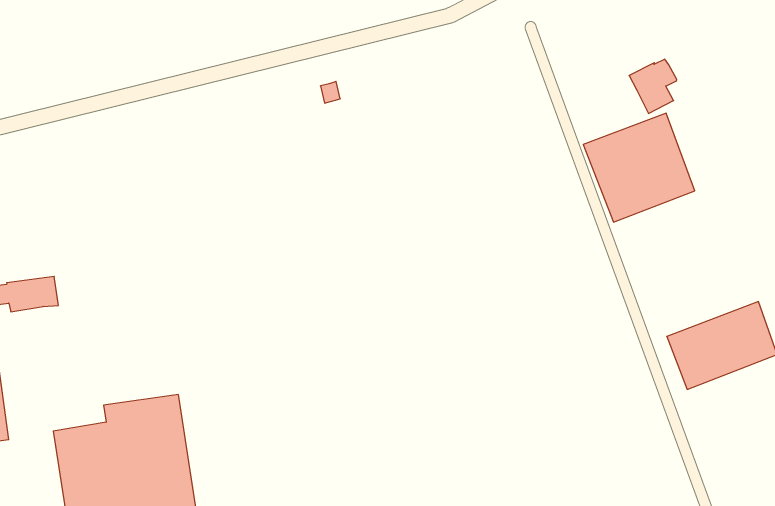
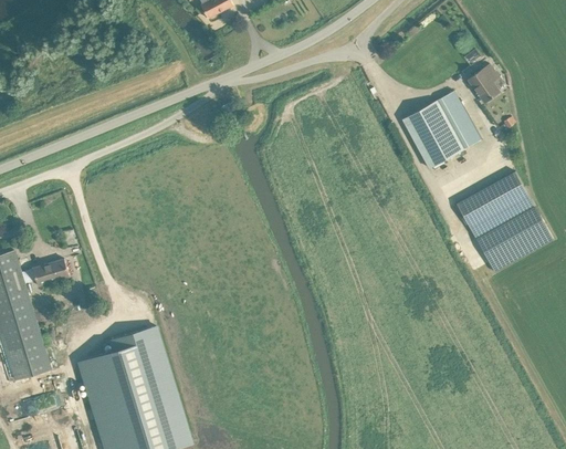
building: [629,59,677,113] -> [467,65,499,103]
building: none -> [457,173,533,239]

